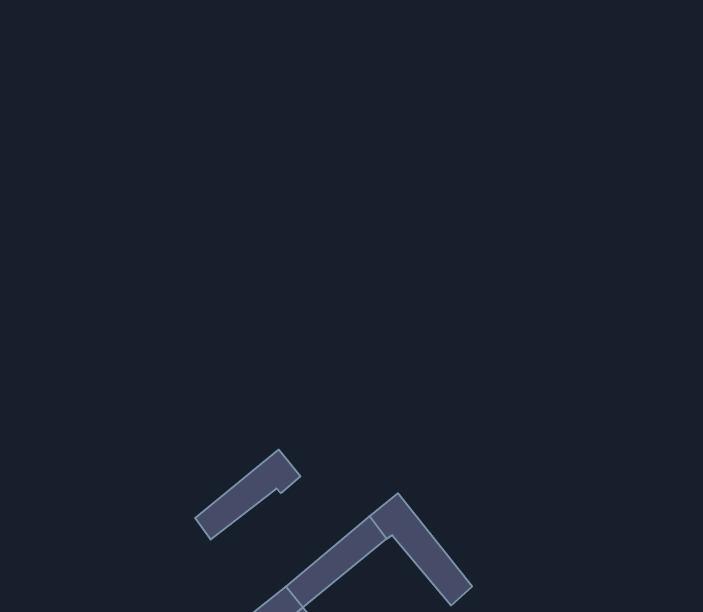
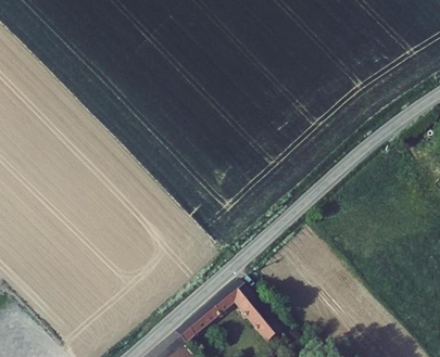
building: [195,450,300,540] -> none

